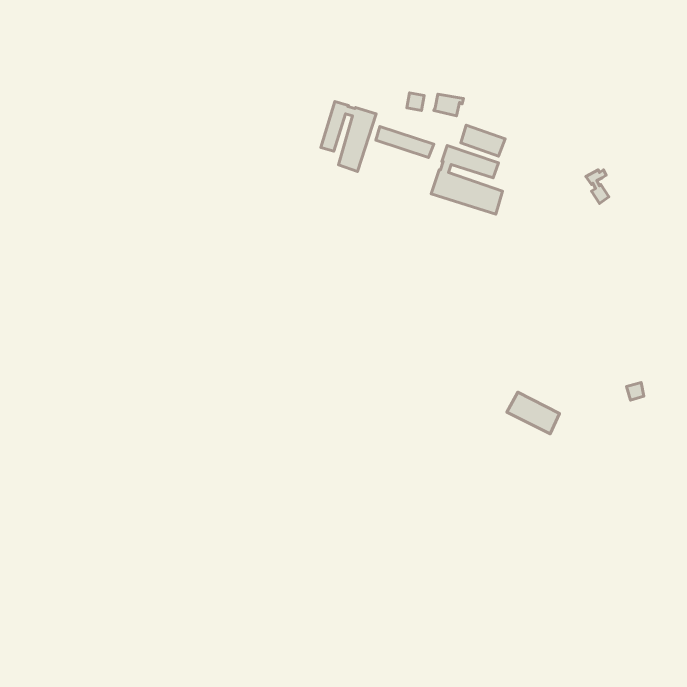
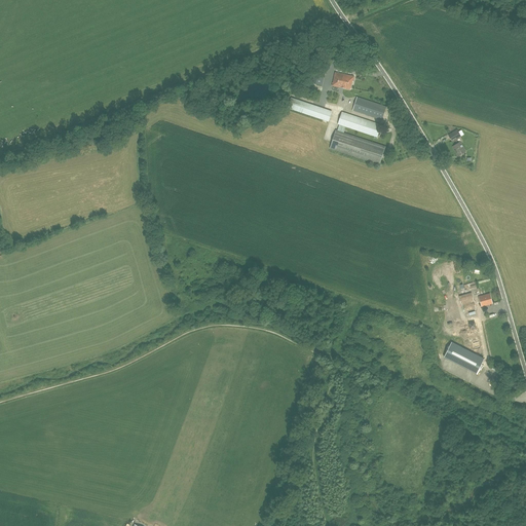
building: [321,101,376,171] -> none
building: [507,392,559,434] -> [443,341,483,373]

